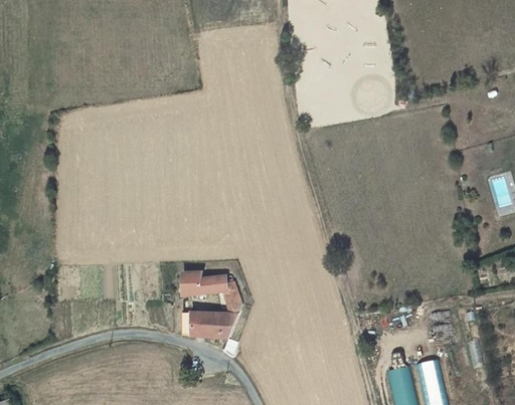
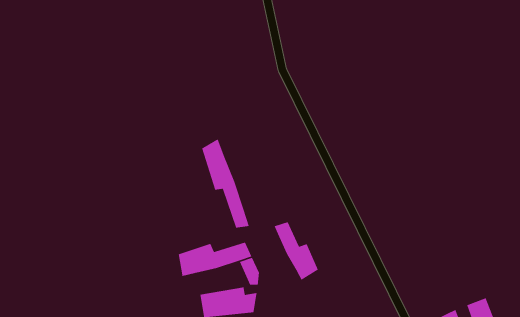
building: none -> [201,138,250,229]
building: none -> [273,221,319,281]

